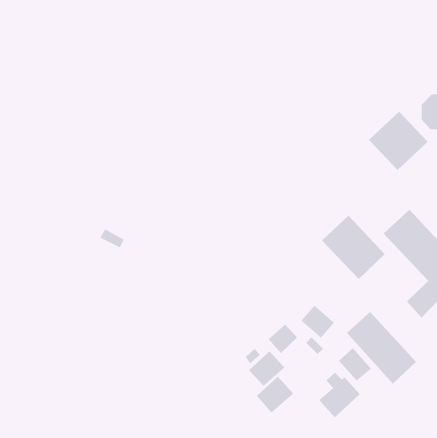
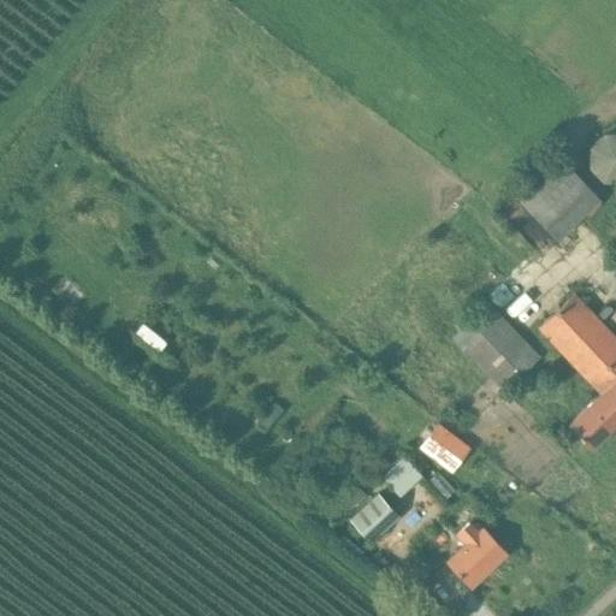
building: [346,311,417,384] -> none
building: [338,347,372,381] -> none
building: [256,376,294,414] -> none

